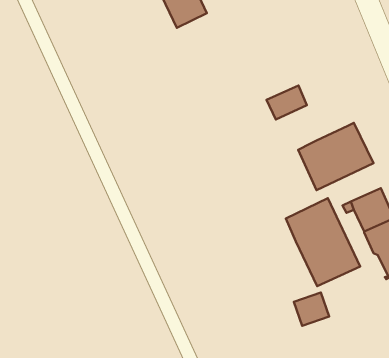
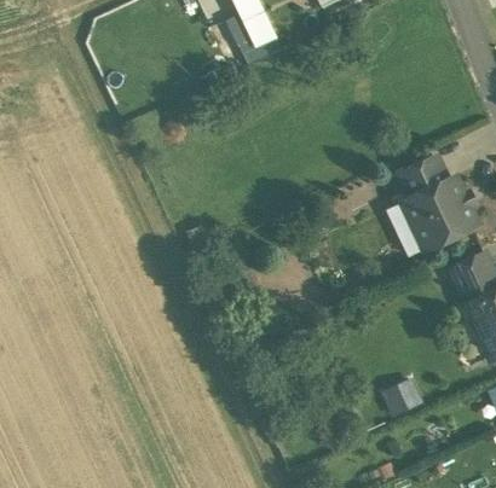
building: [266,85,307,120] -> [399,158,446,198]
building: [286,198,360,286] -> none

